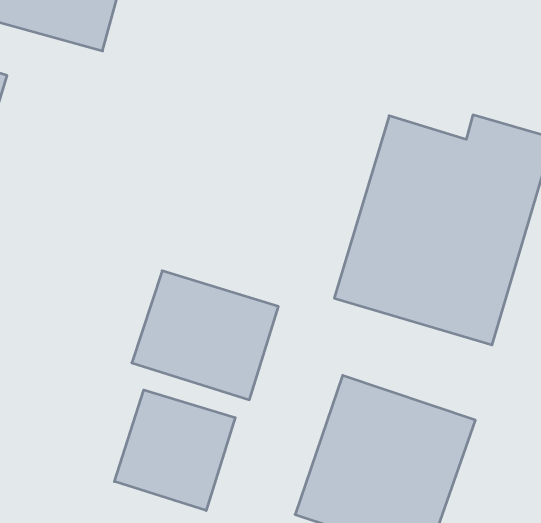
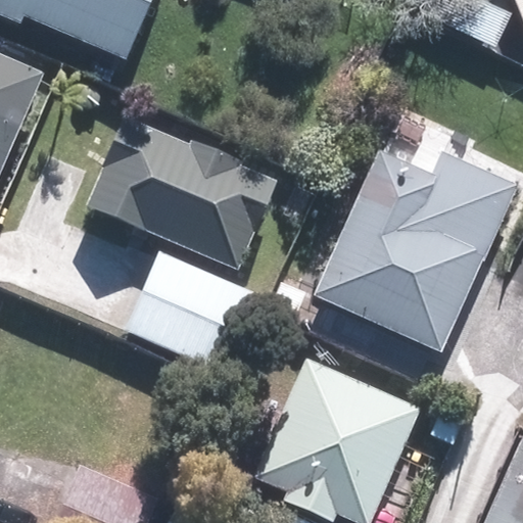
building: none -> [88,115,279,269]
building: [114,390,235,511] -> none

